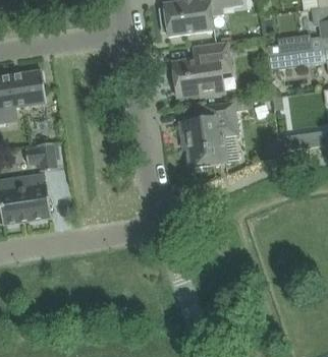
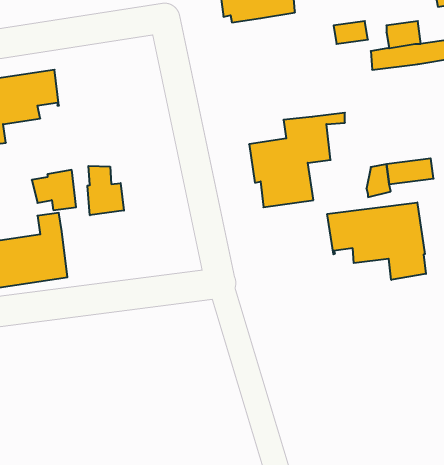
building: [172,40,230,96] -> none
building: none -> [87,166,124,215]
building: none -> [327,202,426,280]

